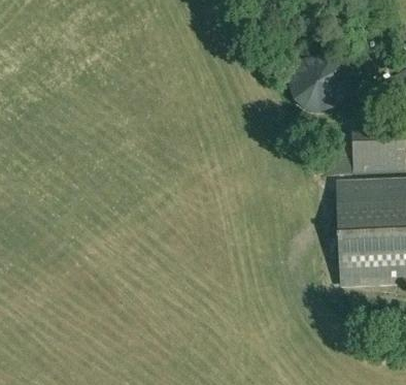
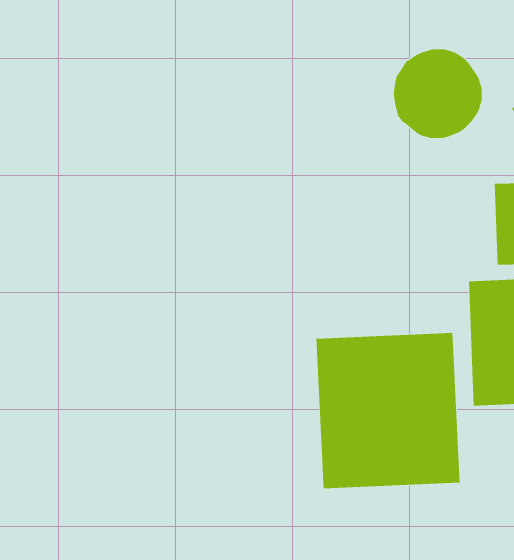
building: none -> [316,332,460,489]

